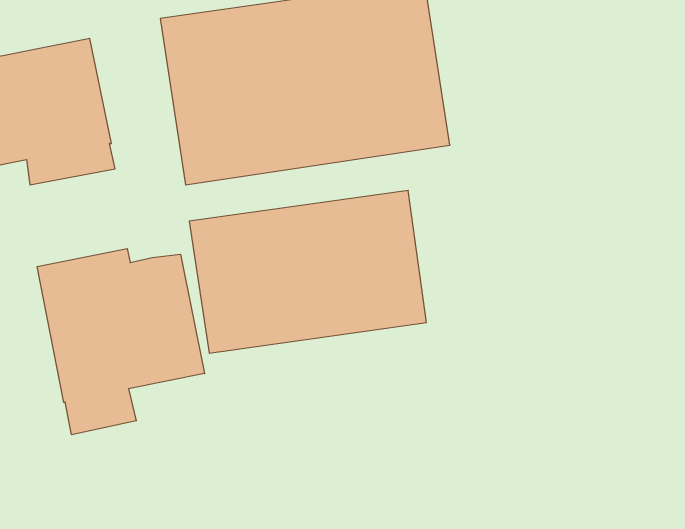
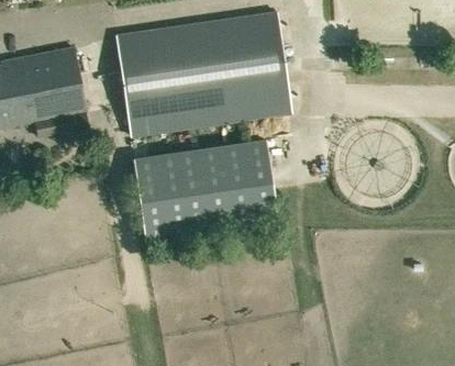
building: [37,249,205,435] -> none

